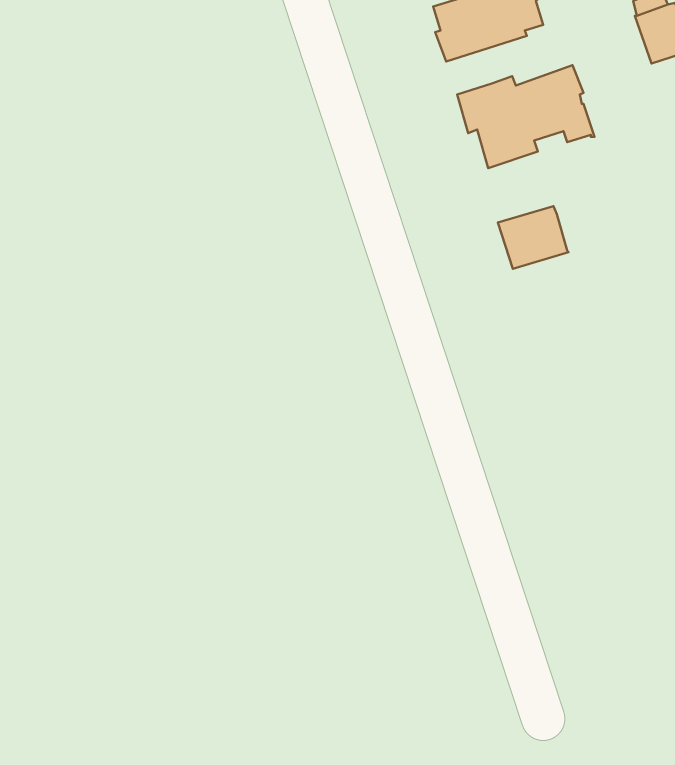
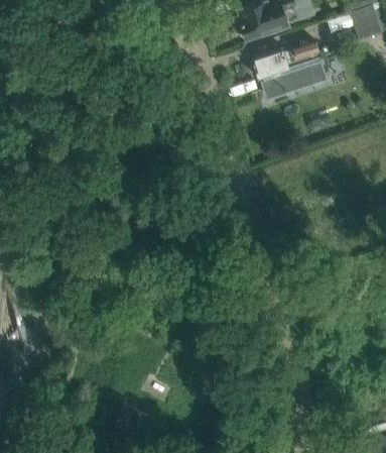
building: [498,206,568,269] -> none

